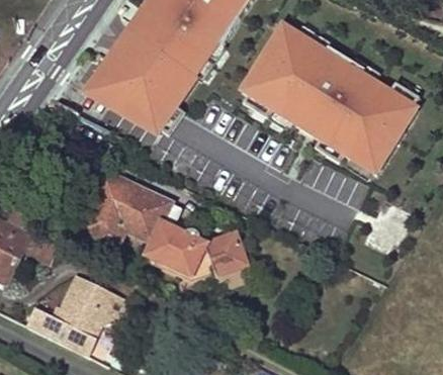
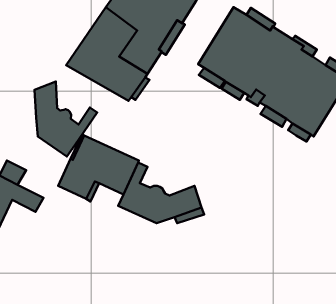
building: none -> [35,81,97,157]
building: [26,274,115,353] -> none

